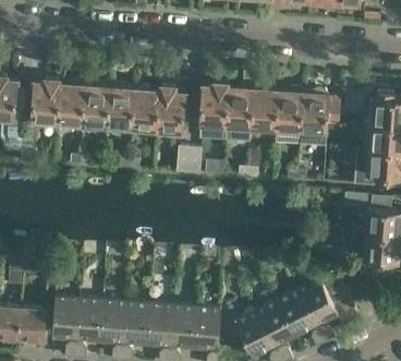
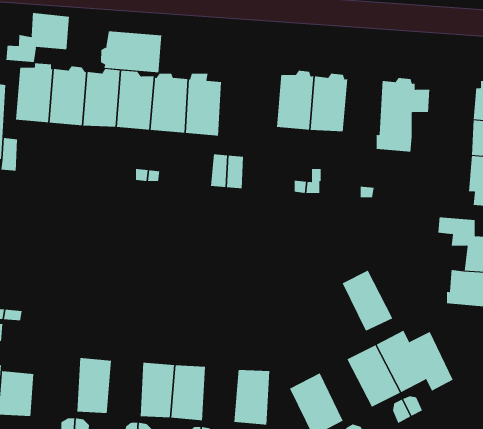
building: none -> [6,12,69,63]
building: none -> [100,30,162,73]
building: [199,83,228,127] -> none
building: [275,88,303,132] -> none
building: [51,296,78,338] -> none
building: [257,299,295,345] -> [342,270,393,332]
building: [99,300,125,341] -> none
building: [170,304,196,346] -> none

